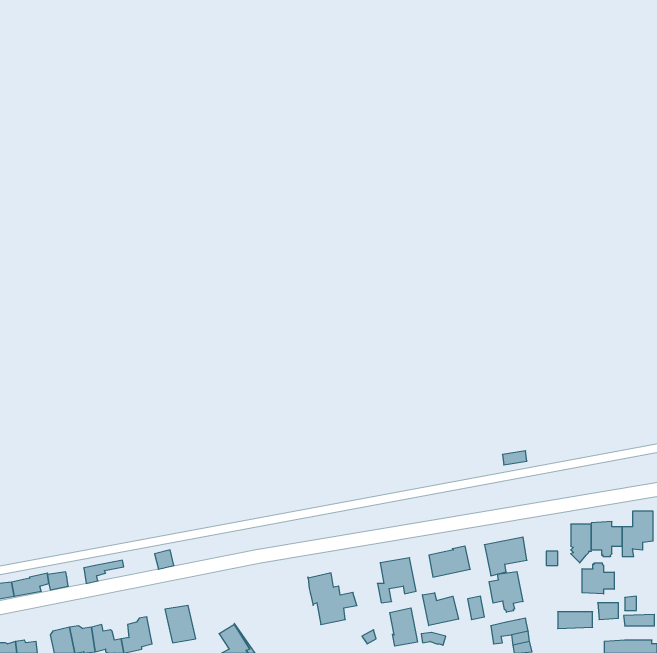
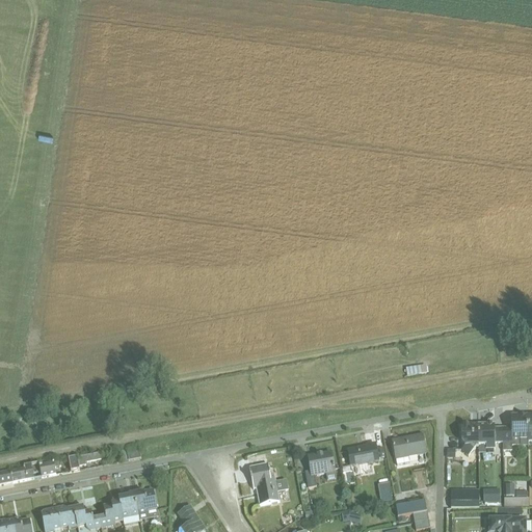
building: [582,563,614,594] -> none
building: [489,572,523,612] -> none
building: [422,593,458,626] -> none
building: [390,608,417,646] -> none
building: none -> [118,491,139,523]

